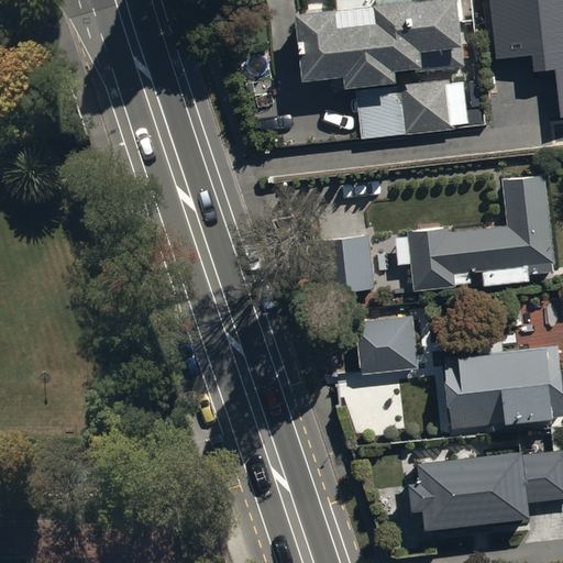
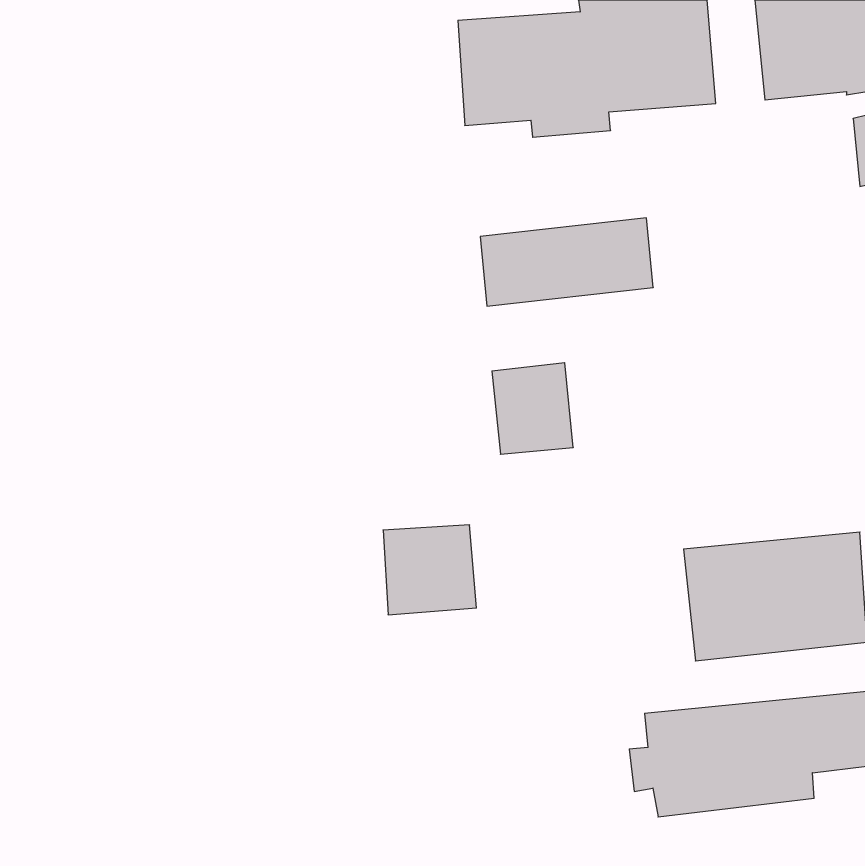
building: [356,80,468,137] -> [480,218,653,306]
building: [408,176,554,292] -> none
building: [358,316,419,374] -> [383,525,476,615]

